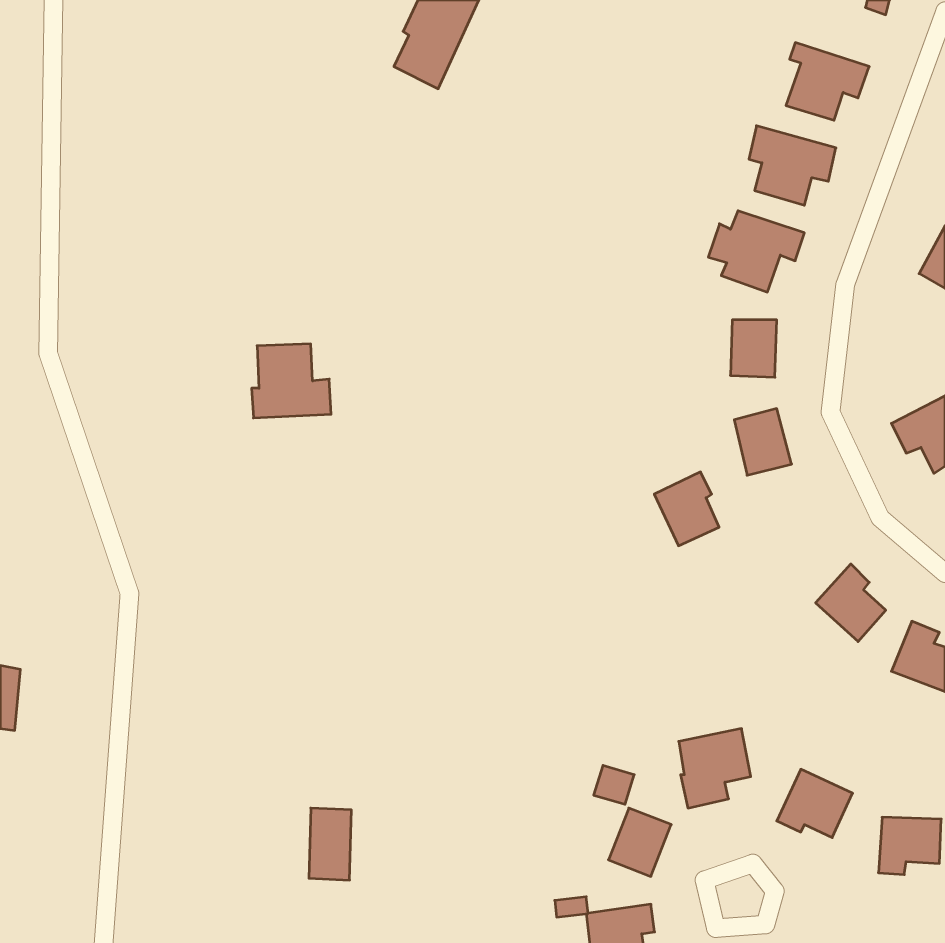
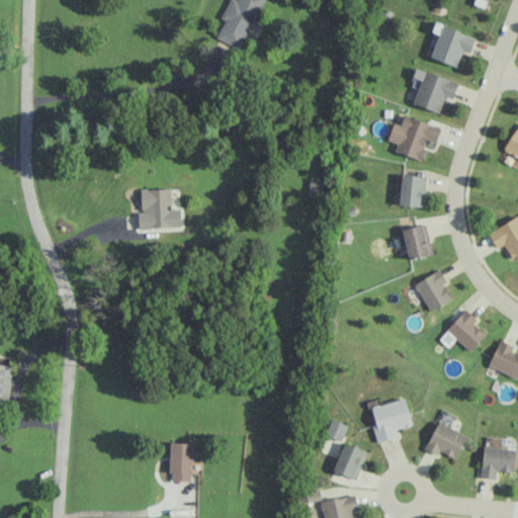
building: [654,472,719,546] -> [415,271,450,312]

